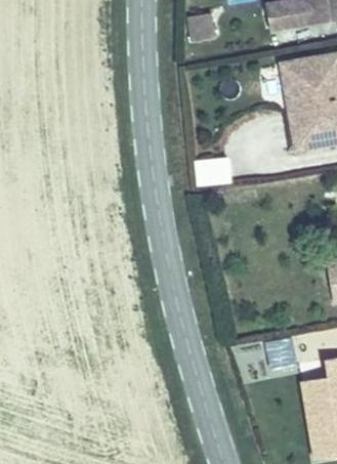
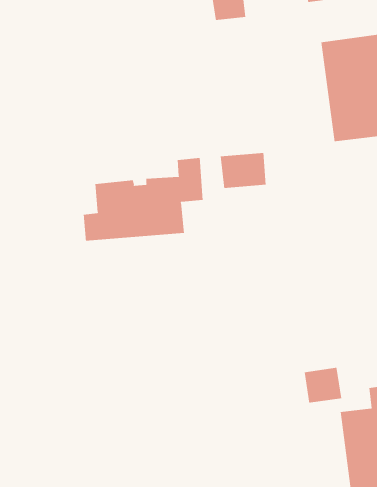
building: none -> [83,157,203,242]

